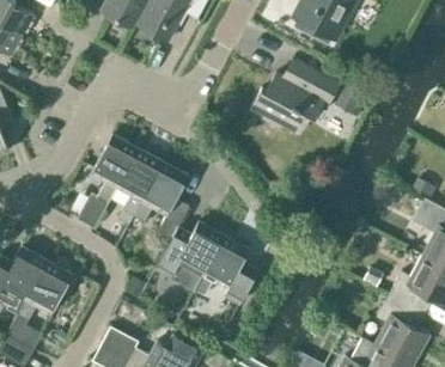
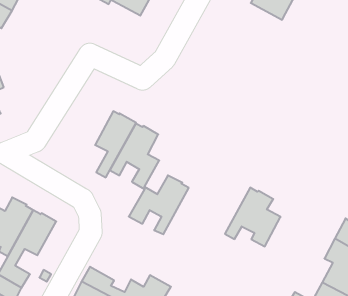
building: [251,62,339,133] -> none
building: [77,135,136,228] -> none
building: [194,237,257,304] -> [225,188,281,246]

